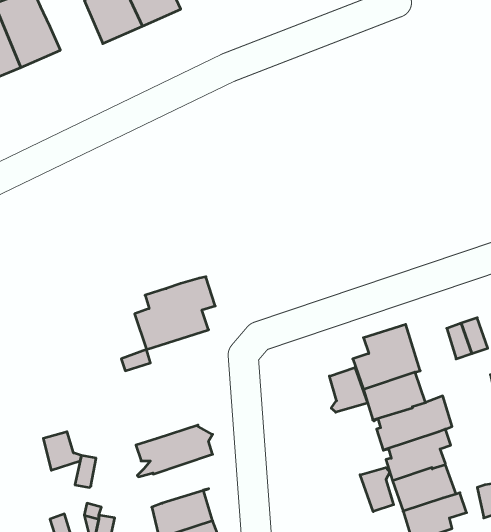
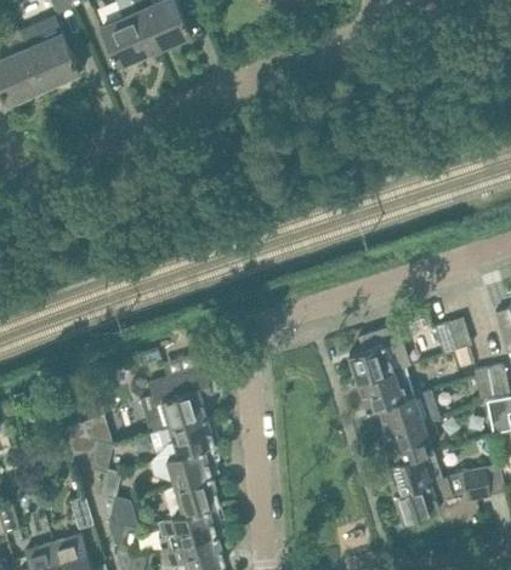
building: [135,277,215,350] -> [138,367,212,434]
building: [329,368,368,412] -> none
building: none -> [152,443,220,488]
building: [360,468,394,512] -> none

